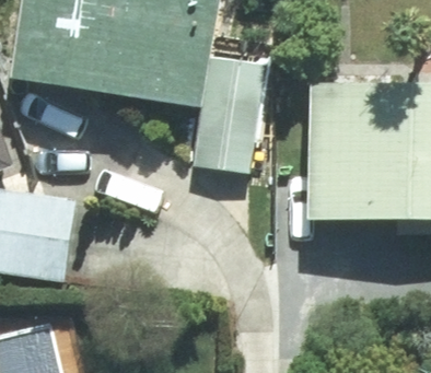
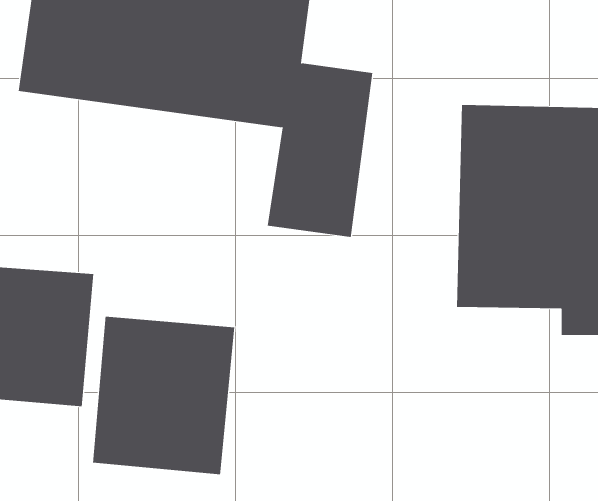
building: none -> [92,316,235,475]

